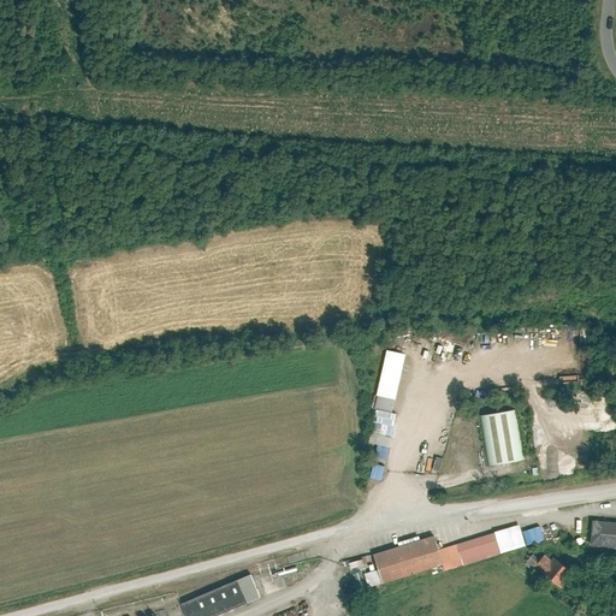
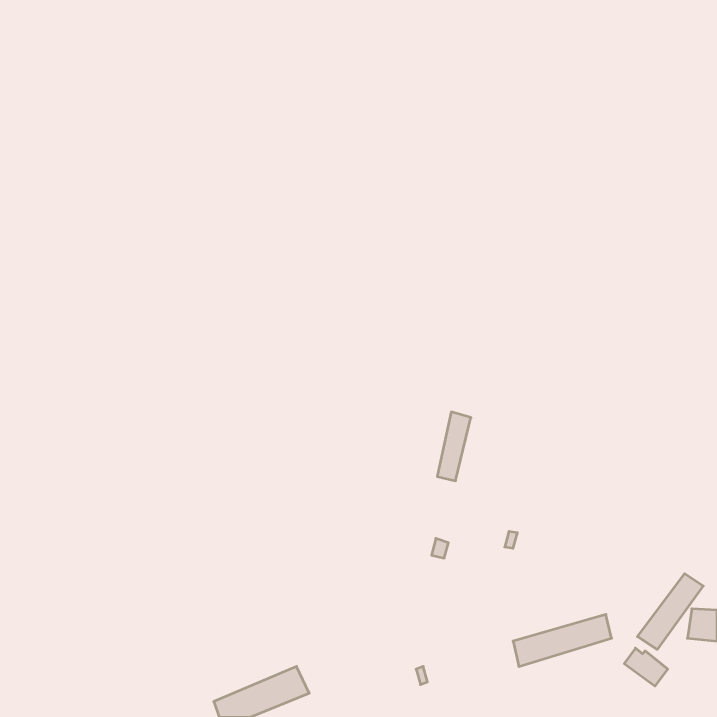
building: [479,409,523,464] -> none
building: none -> [637,574,703,649]
building: [373,535,440,584] -> none

